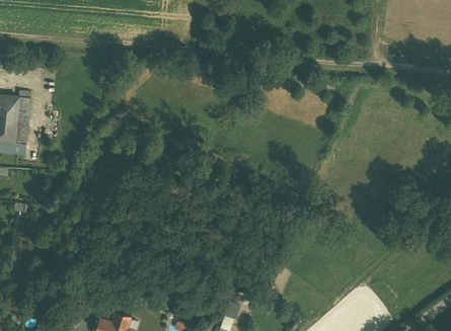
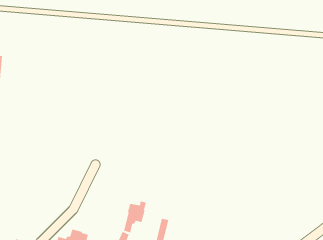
building: none -> [124,201,147,233]

